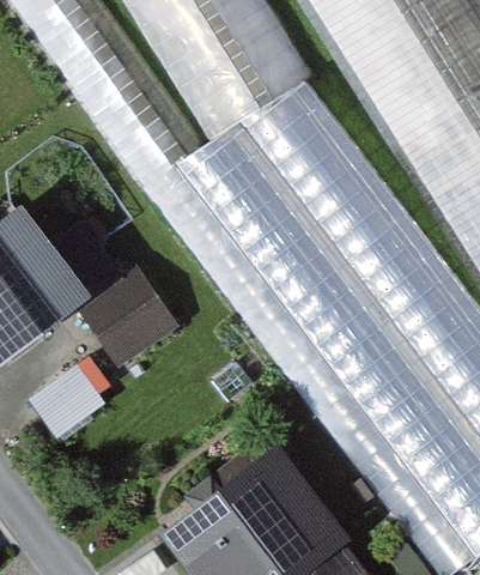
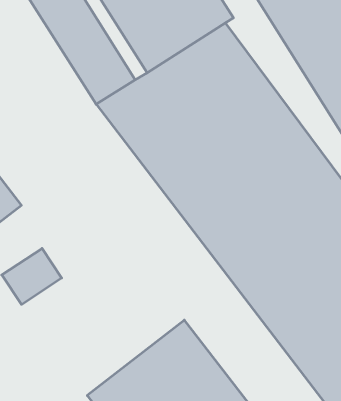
building: [91,280,187,375] -> none

